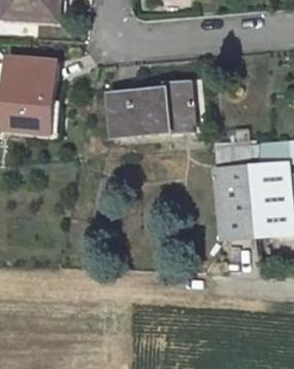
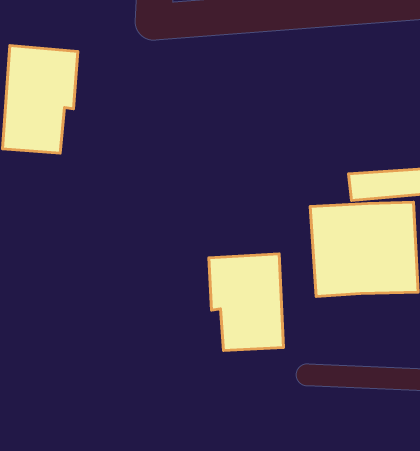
building: [110,83,193,136] -> none
building: none -> [209,254,283,350]

